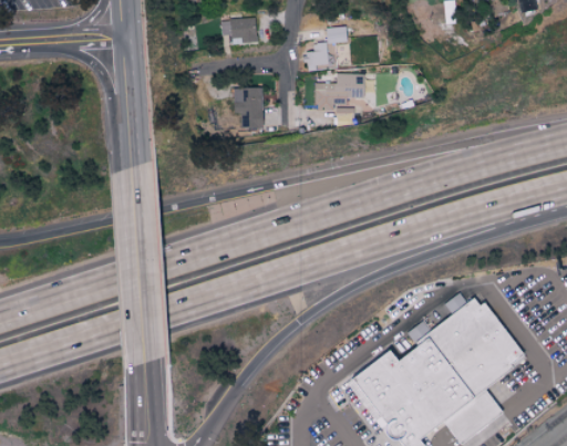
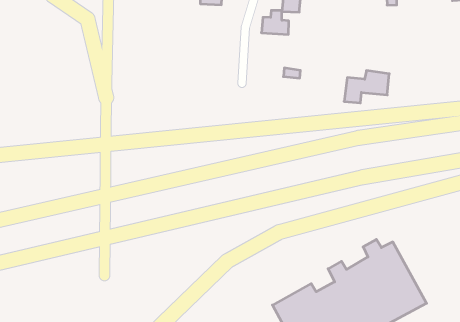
building: [316,73,364,111] -> [344,71,389,103]
building: [234,87,264,128] -> none

